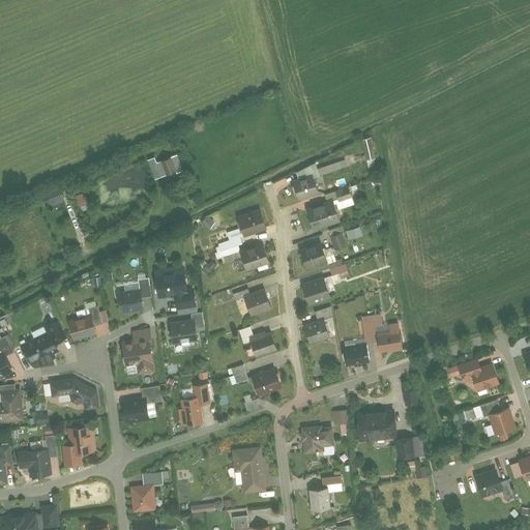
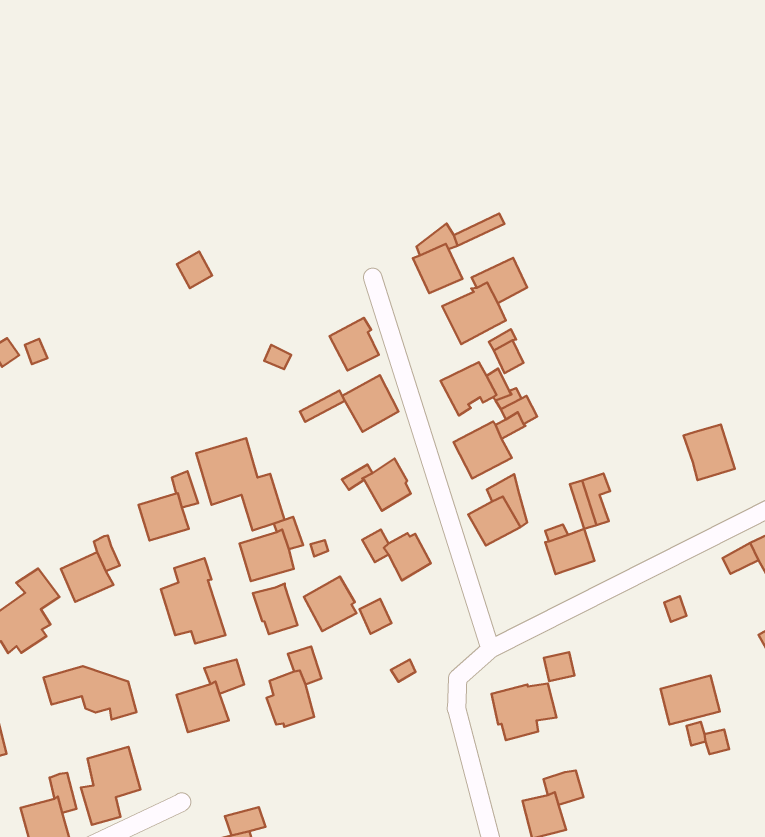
building: [375,322,401,351] -> [683,424,735,480]
building: none -> [253,583,297,634]
building: [252,365,279,394] -> [304,576,357,631]
building: [354,408,394,439] -> none
building: [231,446,265,494] -> none

